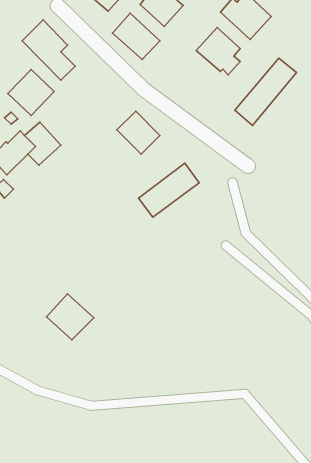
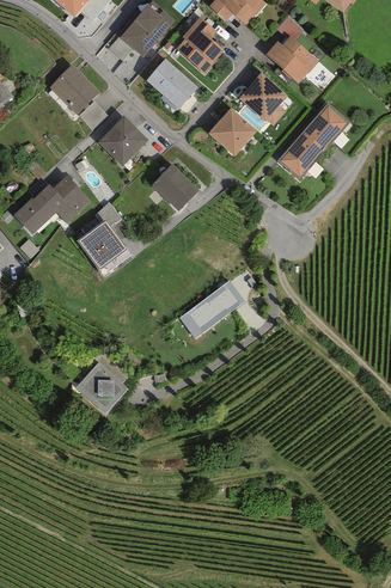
building: none -> [208,106,257,154]
building: [8,69,54,116] -> [98,116,148,166]
building: none -> [78,201,126,270]
building: [139,163,199,217] -> [178,278,244,337]

